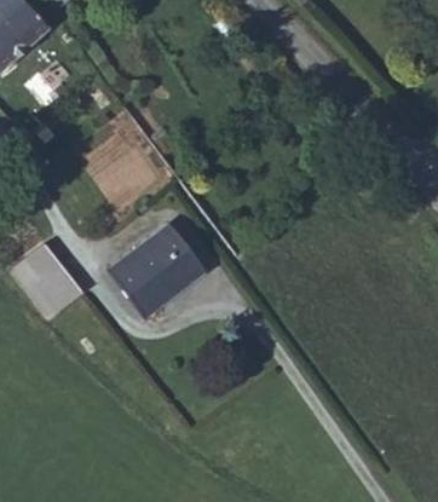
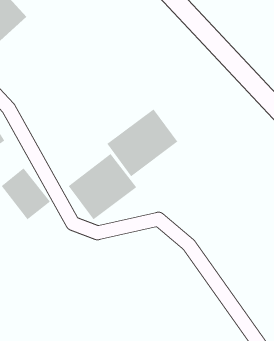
building: none -> [107,108,178,177]

